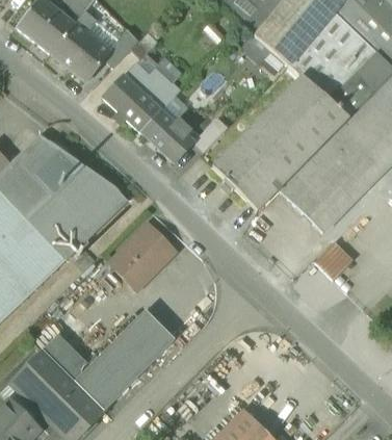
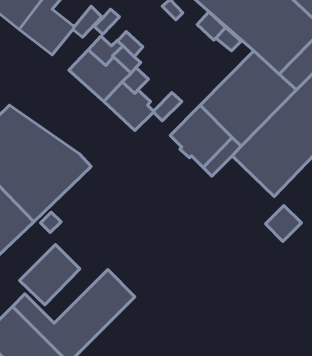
building: [109,224,174,288] -> [19,244,80,305]

